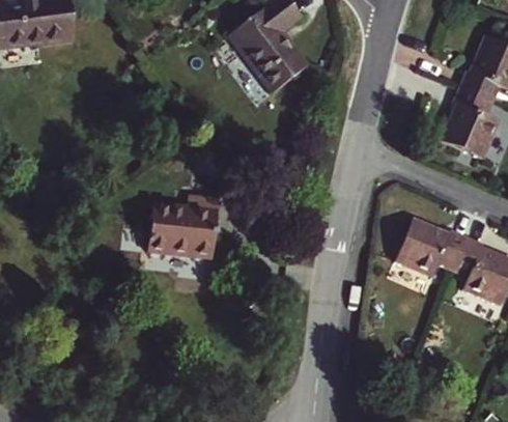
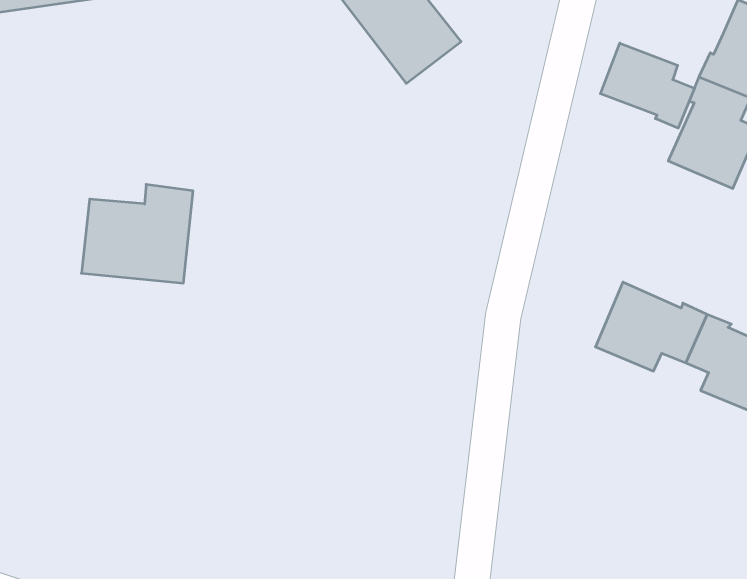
building: none -> [600,43,694,128]
building: [148,194,220,257] -> [81,184,193,283]

